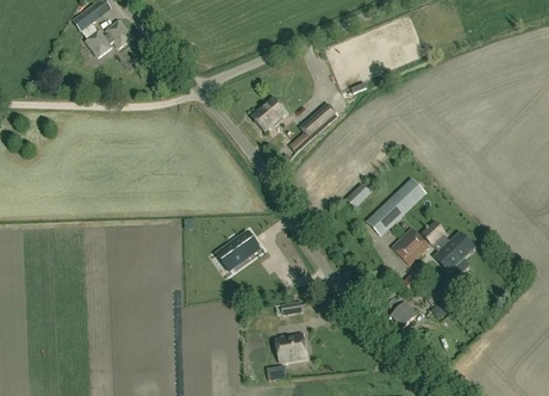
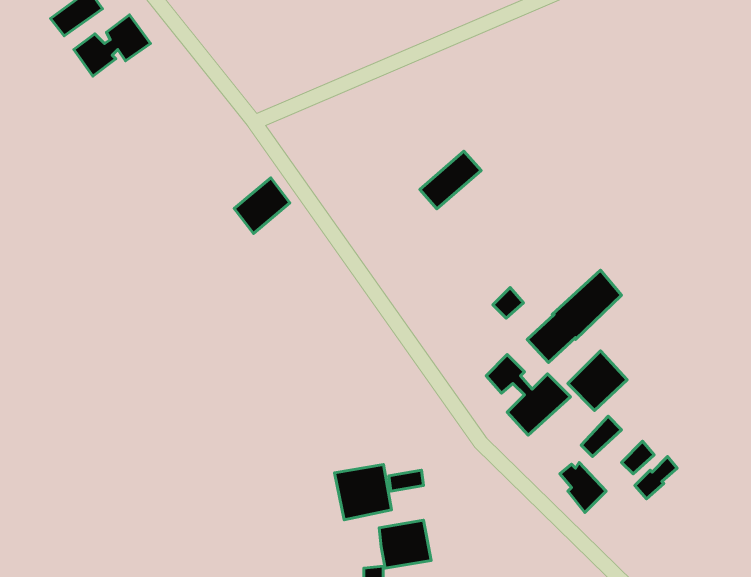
building: [251,97,286,131] -> [234,178,290,234]
building: [422,221,474,271] -> [486,355,571,435]
building: [219,231,256,266] -> none
building: none -> [334,464,391,520]

